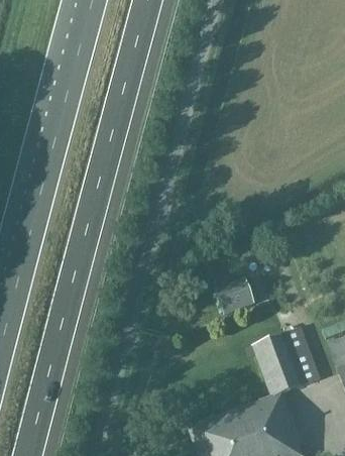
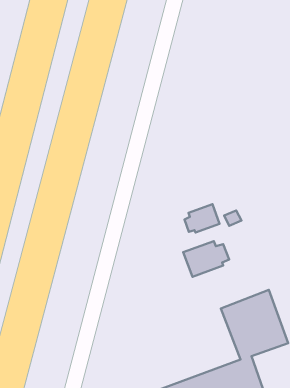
building: none -> [185,204,220,233]

